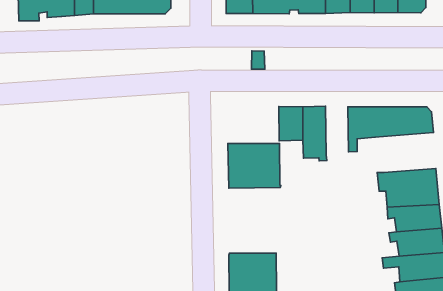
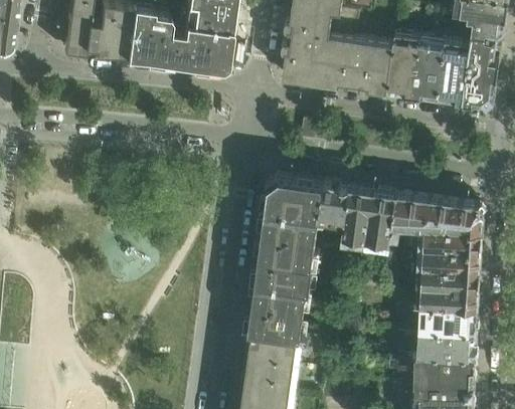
building: none -> [364,192,394,252]
building: none -> [263,179,322,224]
building: none -> [417,232,481,274]
building: none -> [247,263,311,339]

